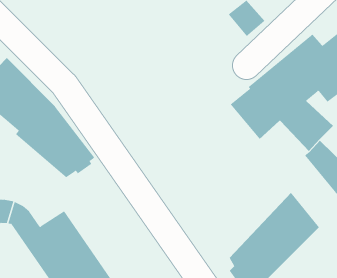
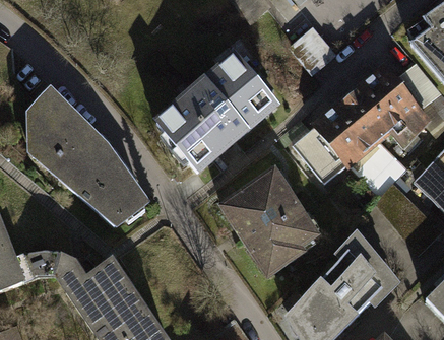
building: none -> [157,55,278,171]
building: none -> [219,166,322,278]

